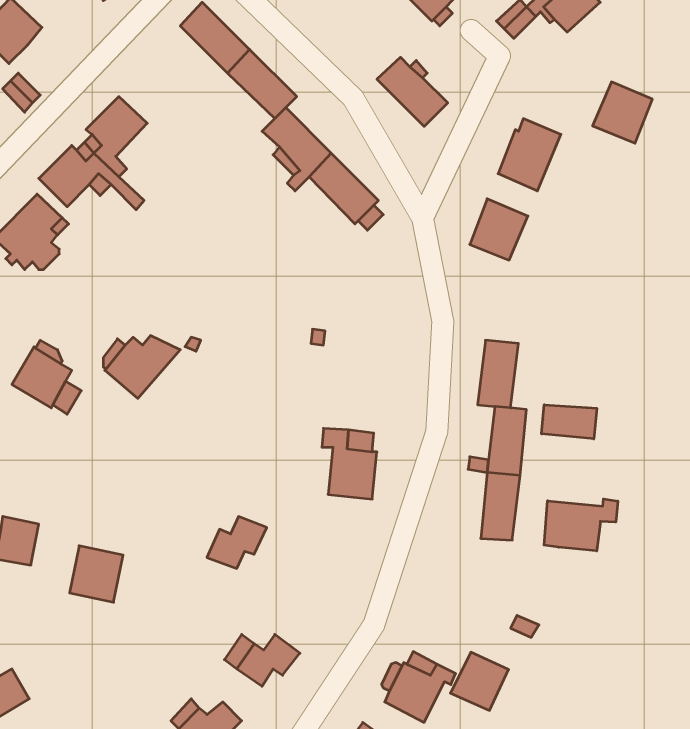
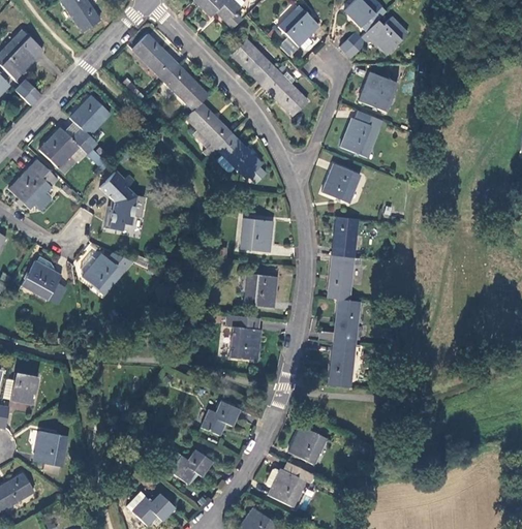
building: none -> [232,39,277,85]
building: [593,82,652,143] -> [359,72,398,113]
building: none -> [100,173,145,230]
building: none -> [333,217,359,258]
building: none -> [241,219,273,252]
building: none -> [245,274,277,308]
building: [542,405,597,439] -> none
building: [544,499,618,551] -> none
building: [207,517,267,568] -> [199,401,239,435]
building: [70,546,123,602] -> [32,430,67,467]
building: [450,652,509,710] -> [286,426,325,464]

